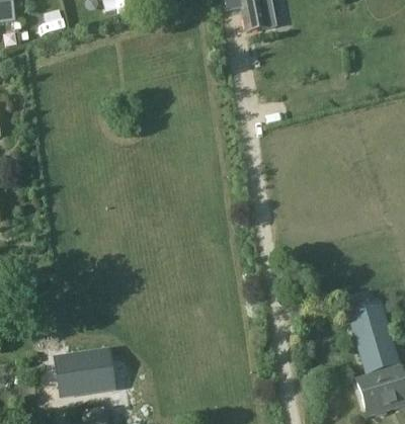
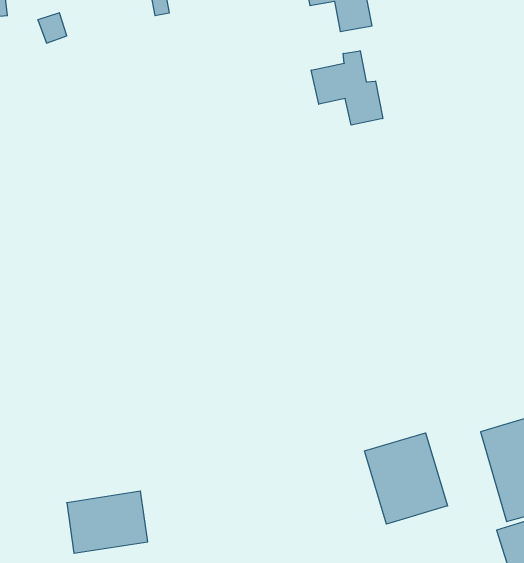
building: none -> [311,51,383,125]
building: none -> [365,433,448,524]

